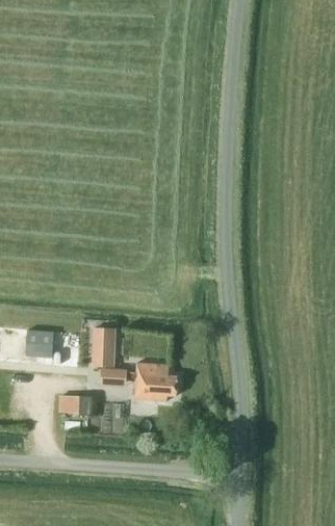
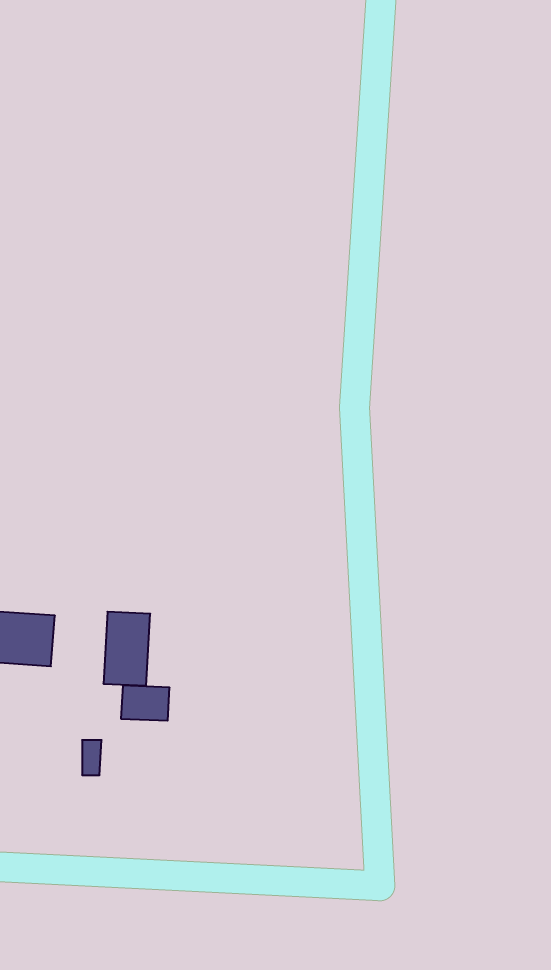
building: [134,364,177,401] -> none

